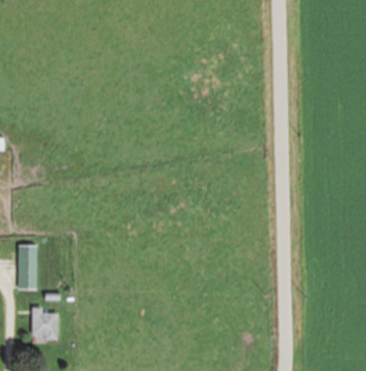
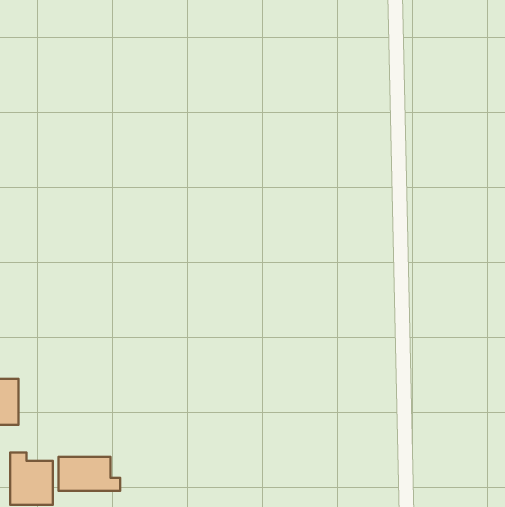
building: none -> [59,457,120,491]

